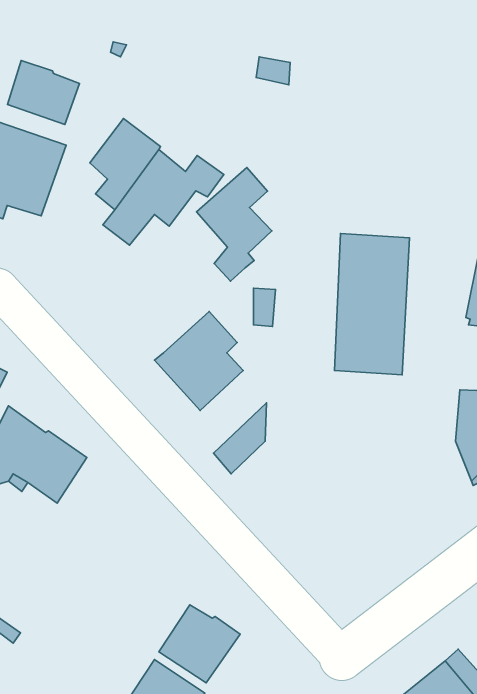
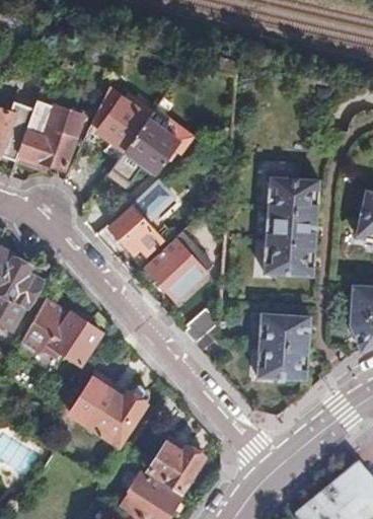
building: [7,60,79,125] -> none
building: [197,168,272,281] -> [110,197,162,275]
building: none -> [262,323,311,380]
building: none -> [80,375,142,448]

